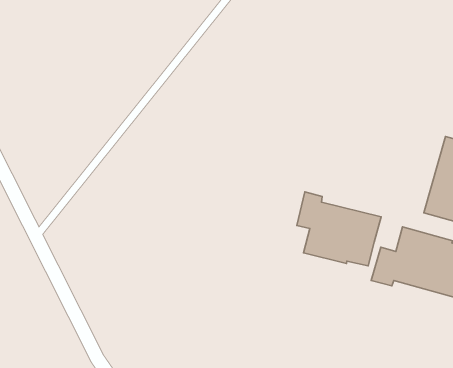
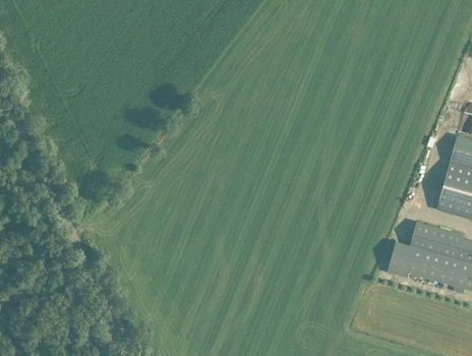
building: [297,192,381,266] -> none

